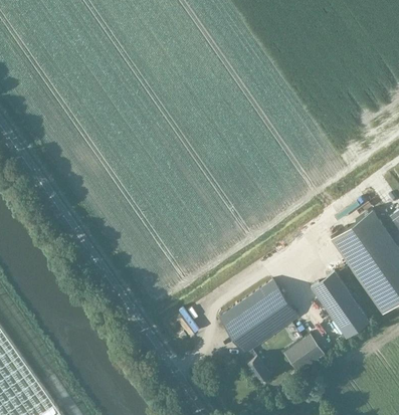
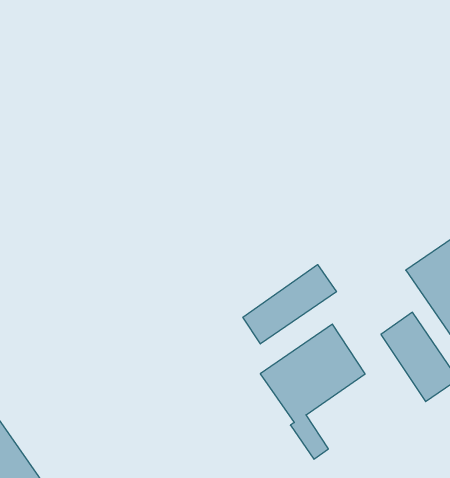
building: none -> [243,265,336,344]
building: [284,334,326,373] -> none

